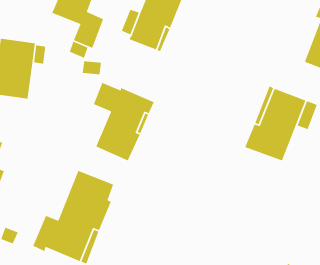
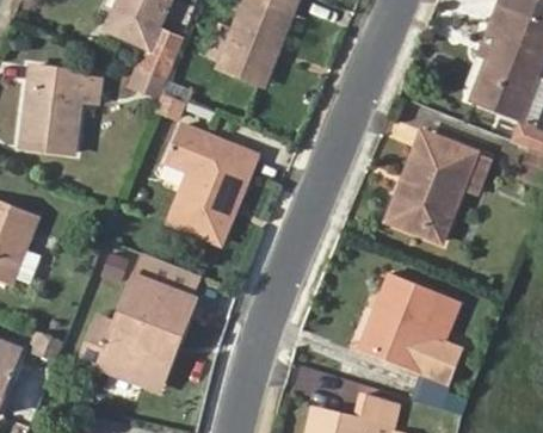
building: none -> [359,273,459,382]

